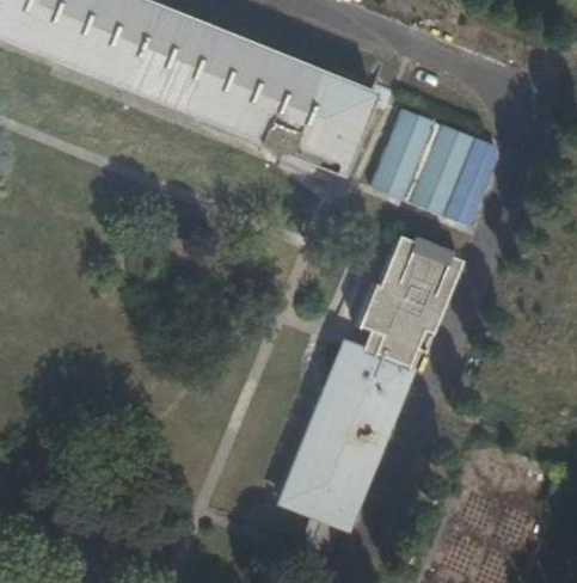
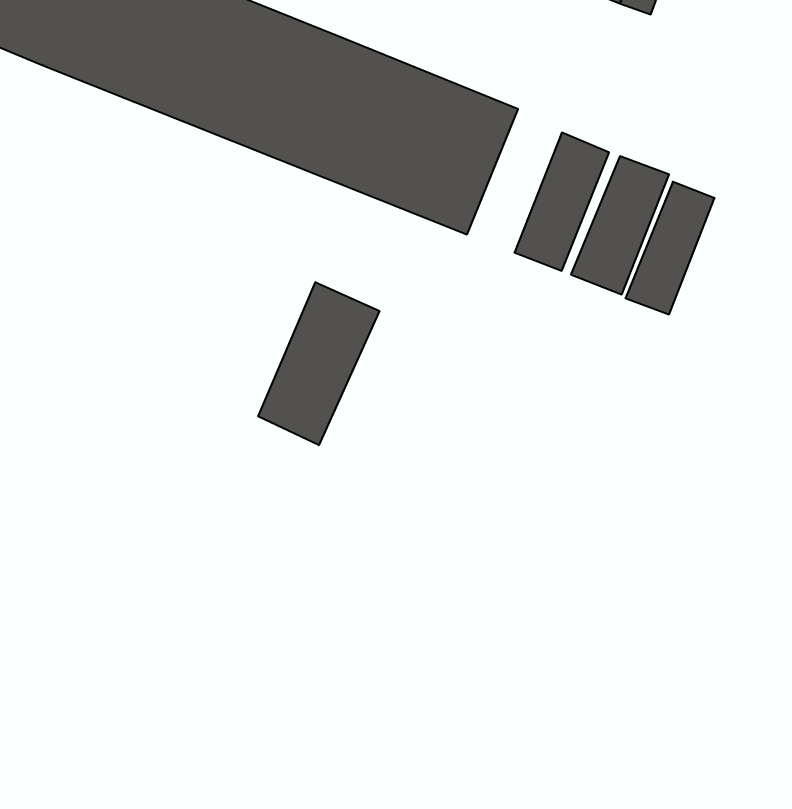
building: none -> [258,282,379,445]
building: [281,237,461,524] -> none

